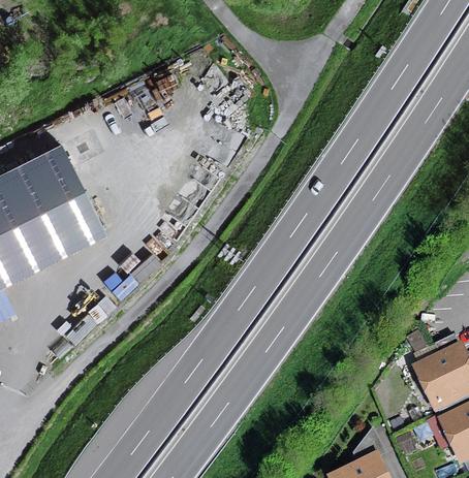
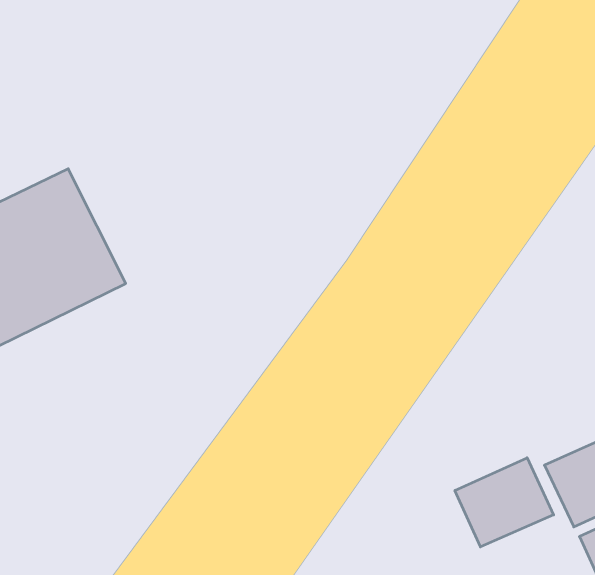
building: none -> [455,458,554,547]

